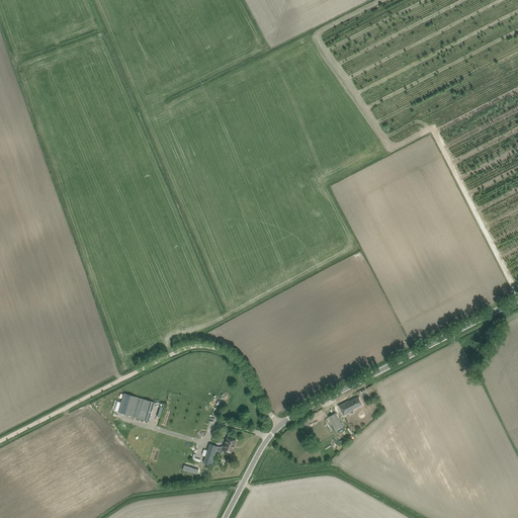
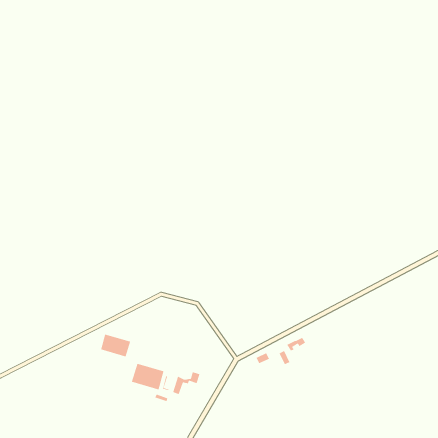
building: none -> [131,363,164,391]

